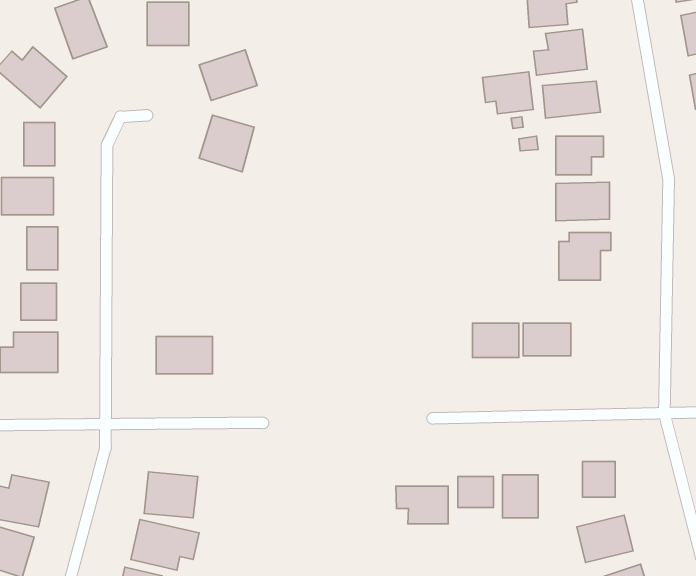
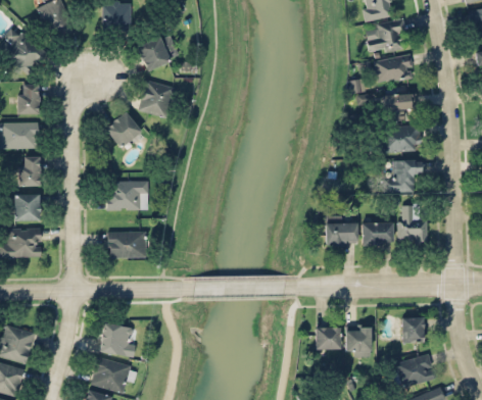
building: [483,72,533,114] -> none
building: none -> [105,111,144,151]
building: none -> [107,181,149,210]
building: none -> [398,205,428,244]
building: [396,486,448,524] -> none

